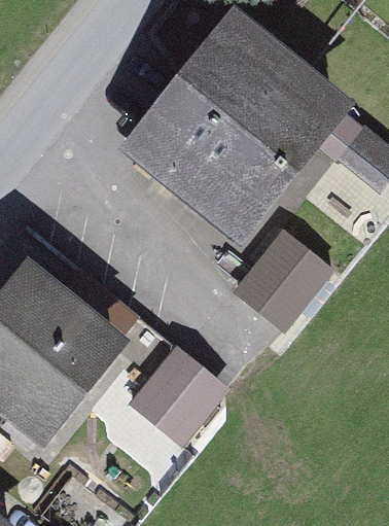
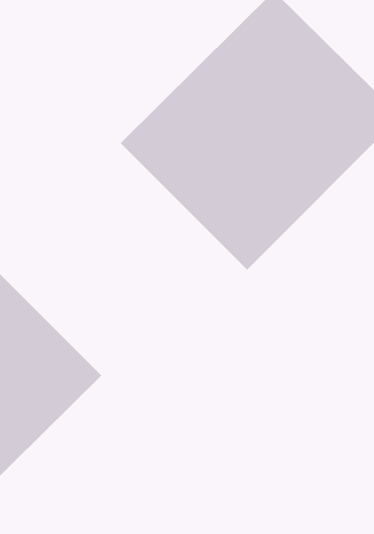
building: [229,230,330,331] -> none
building: [130,351,228,451] -> none

